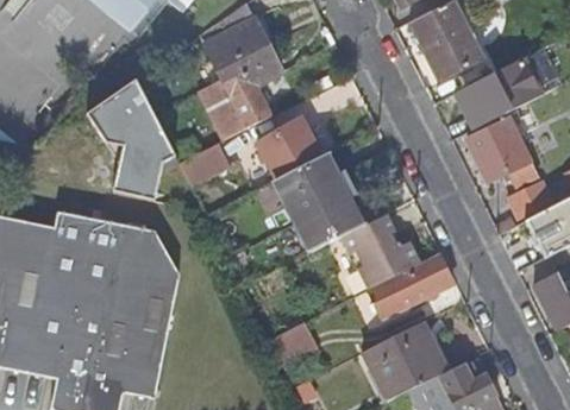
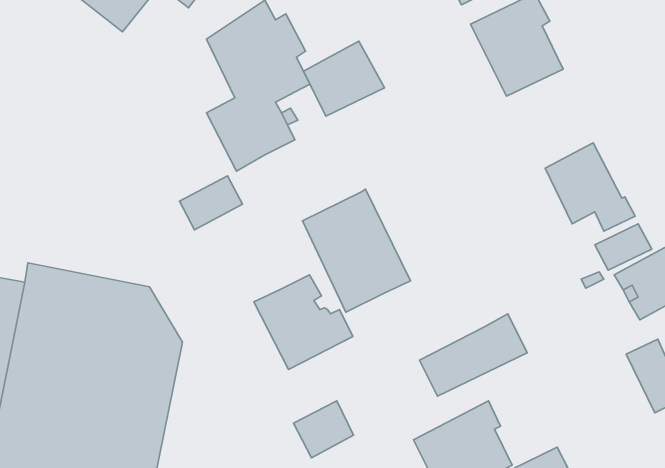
building: [453,58,540,130] -> none
building: [89,77,182,195] -> none
building: [257,119,321,178] -> [303,41,384,116]
building: [340,214,419,289] -> [254,275,353,369]

